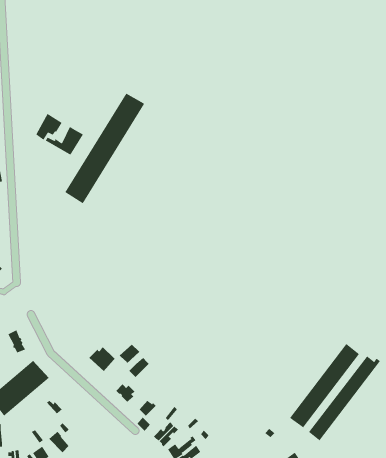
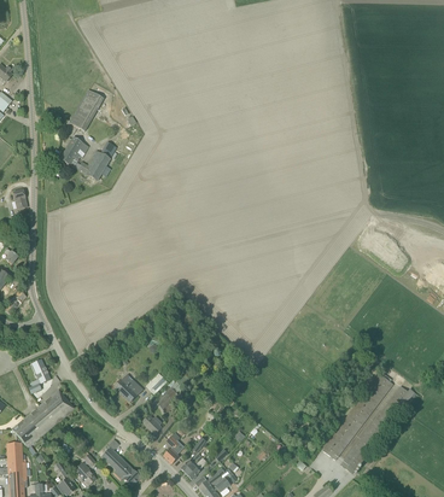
building: none -> [68,89,103,130]
building: [65,93,144,204] -> none
building: none -> [101,439,140,485]

